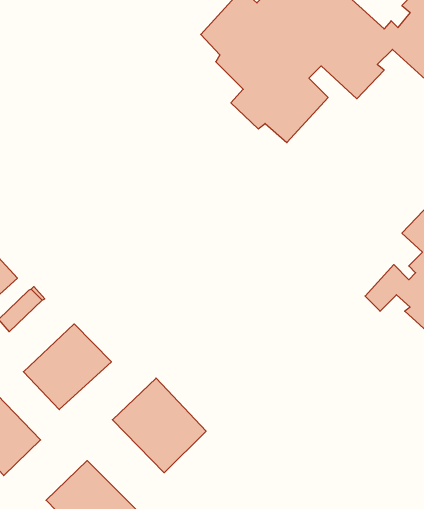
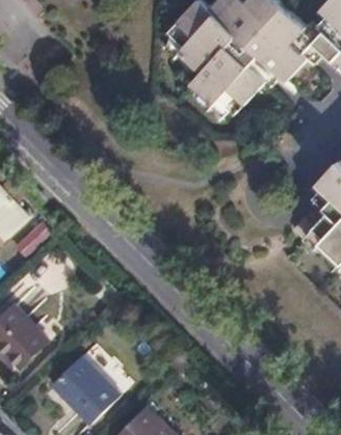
building: [23,324,111,410] -> none
building: [112,378,206,473] -> none

